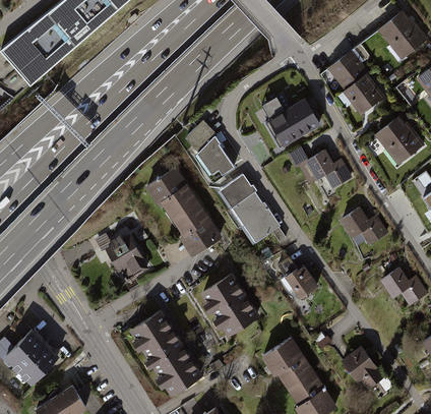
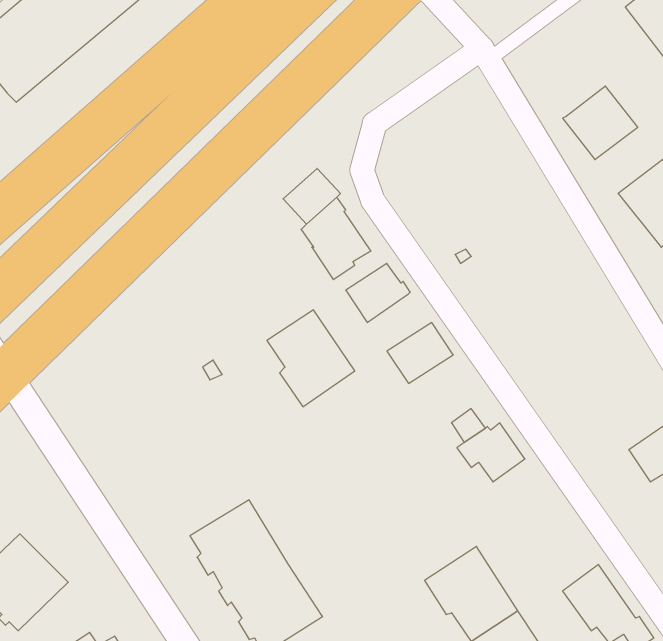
building: [325,50,367,92] -> none
building: [259,98,318,147] -> none
building: [286,146,351,189] -> none
building: [145,166,199,219] -> none
building: [230,192,266,225] -> none
building: [338,208,386,246] -> none
building: [105,234,148,281] -> none
building: [200,272,261,337] -> none

